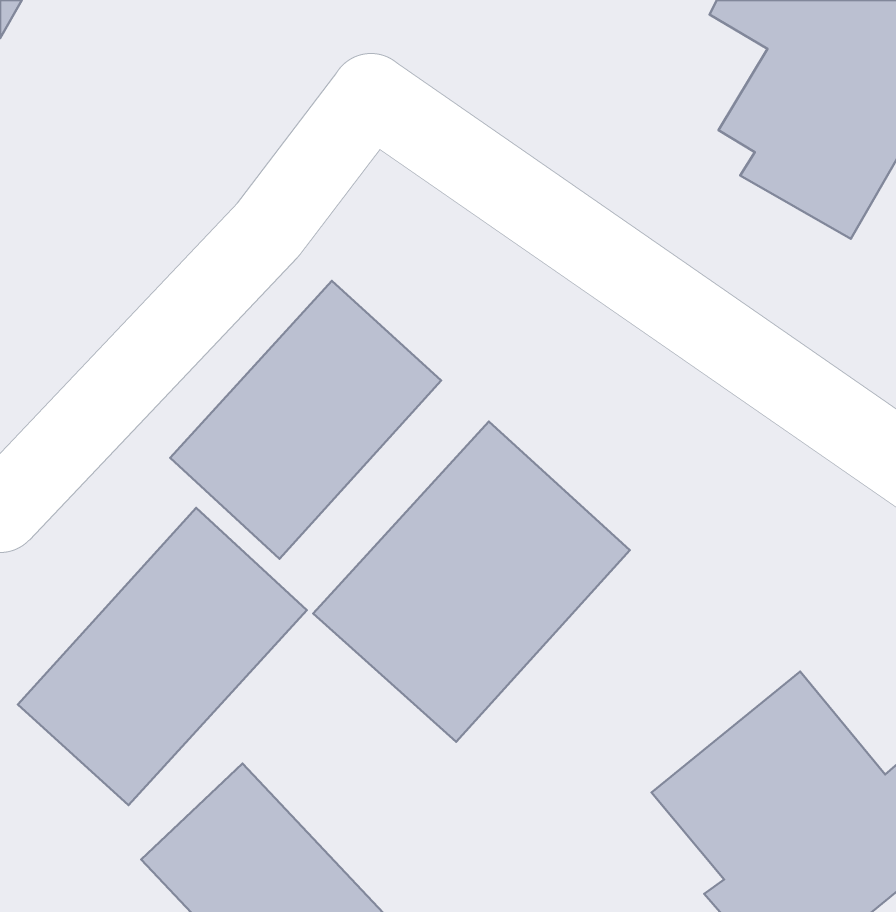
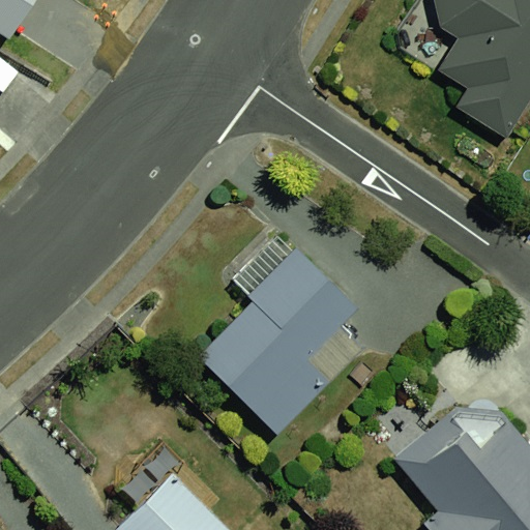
building: [170,281,441,559] -> none
building: [18,508,307,805] -> none

